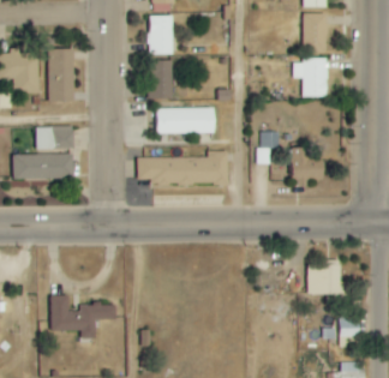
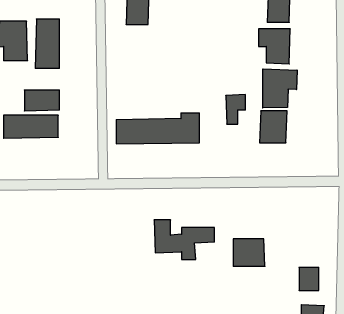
building: [149,60,173,98] -> none
building: none -> [263,69,297,108]
building: [155,107,216,133] -> none
building: [306,264,341,294] -> [233,239,265,266]
building: [50,295,116,338] -> [154,220,214,259]

